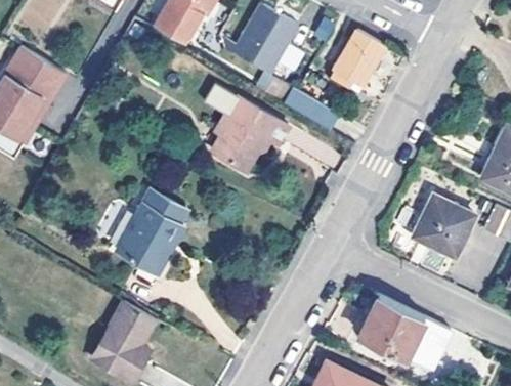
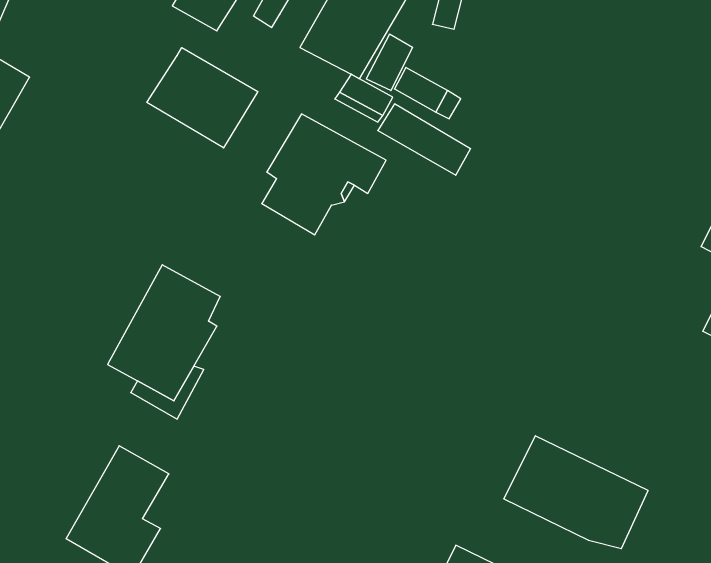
building: [332,31,383,89] -> none
building: none -> [147,48,258,148]
building: [414,197,472,256] -> none

